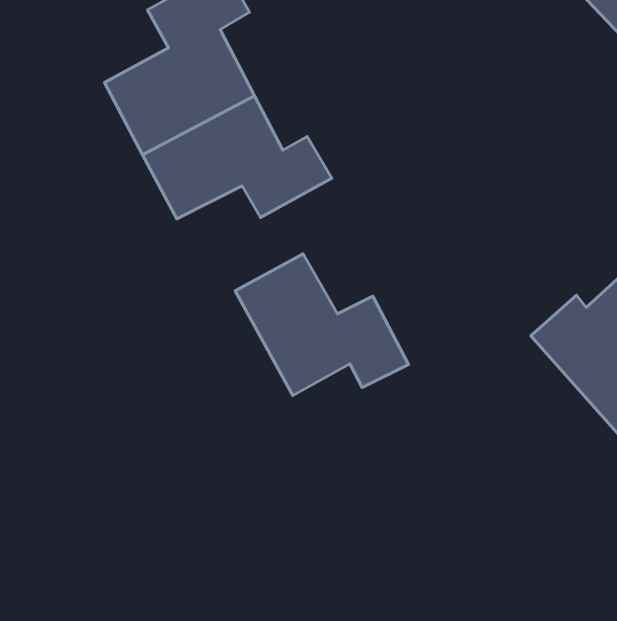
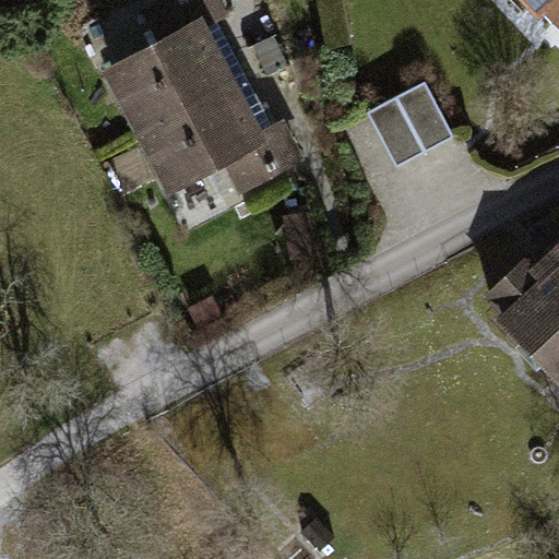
building: none -> [369,79,454,164]
building: [235,254,408,395] -> none

